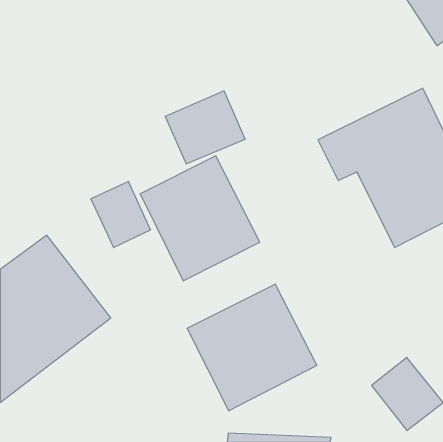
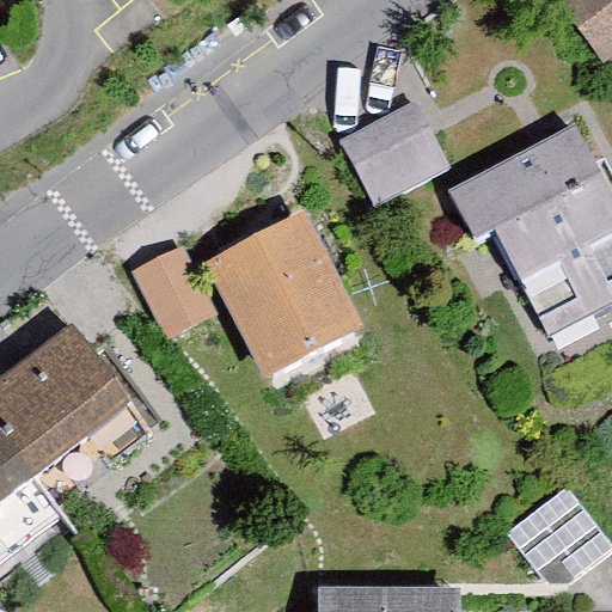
building: [165,91,245,164] -> [341,103,449,202]
building: [187,284,317,411] -> none

